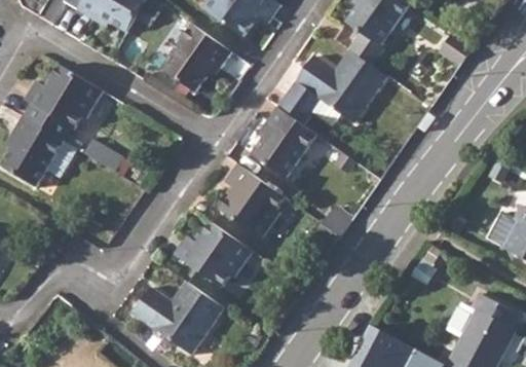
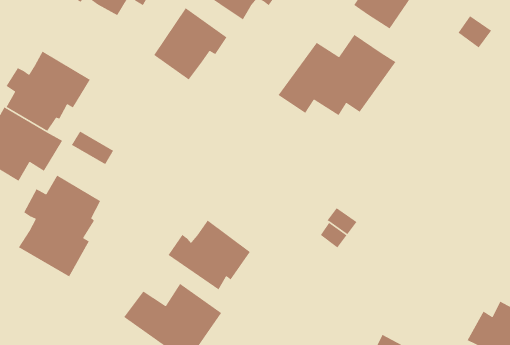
building: [250,106,314,178] -> none
building: [220,162,284,237] -> none
building: none -> [18,175,101,277]

